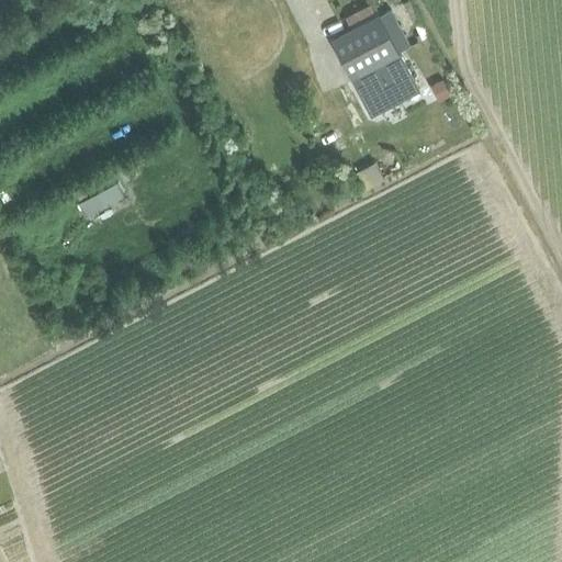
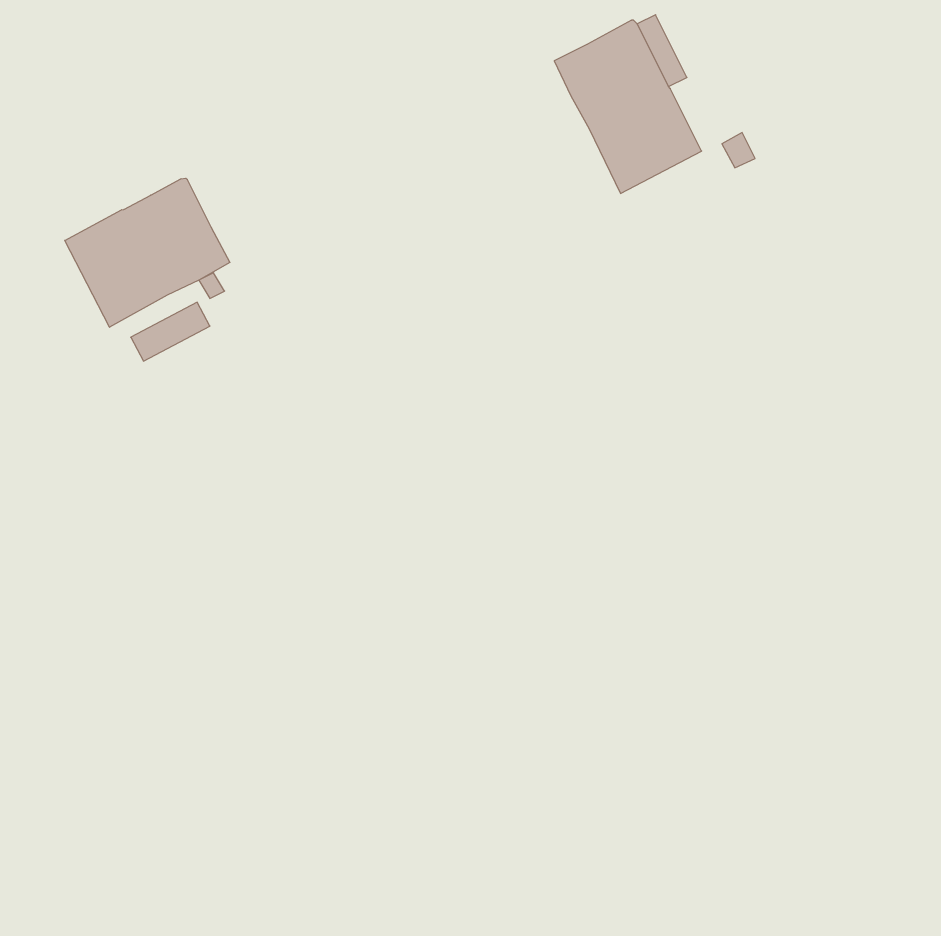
building: none -> [65,178,230,327]

